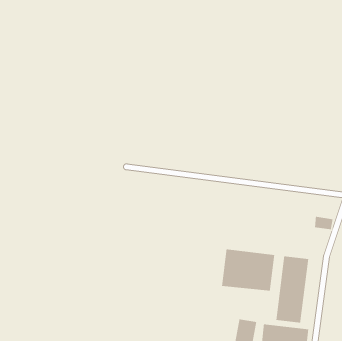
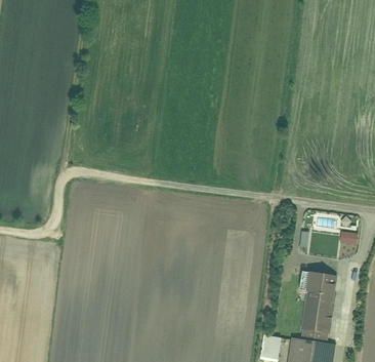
building: [221,249,275,292] -> none

